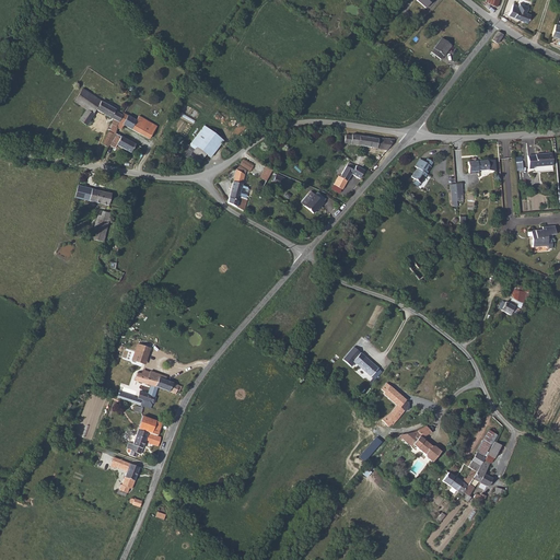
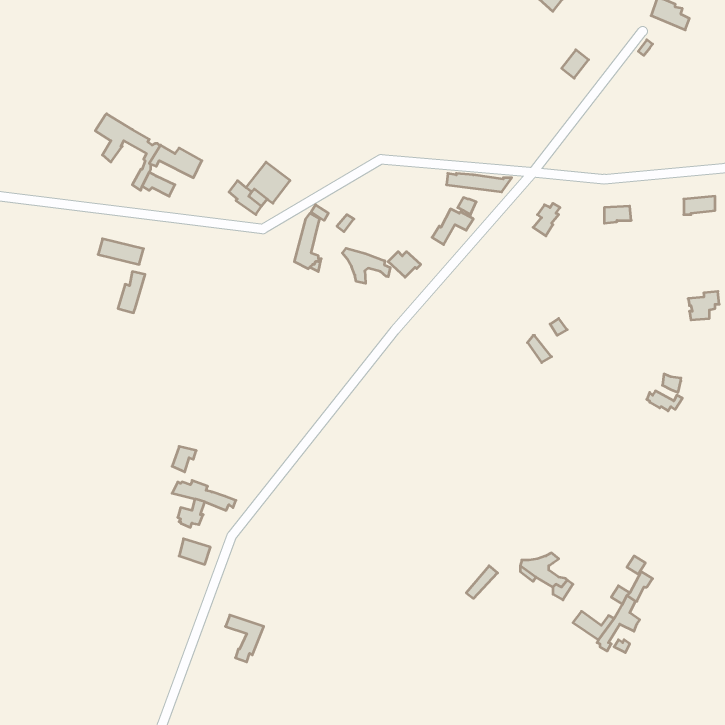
building: none -> [342,248,390,283]
building: [343,346,384,378] -> none
building: [382,382,407,425] -> none
building: [127,428,162,455] -> none
building: [112,456,141,492] -> [225,615,264,662]

